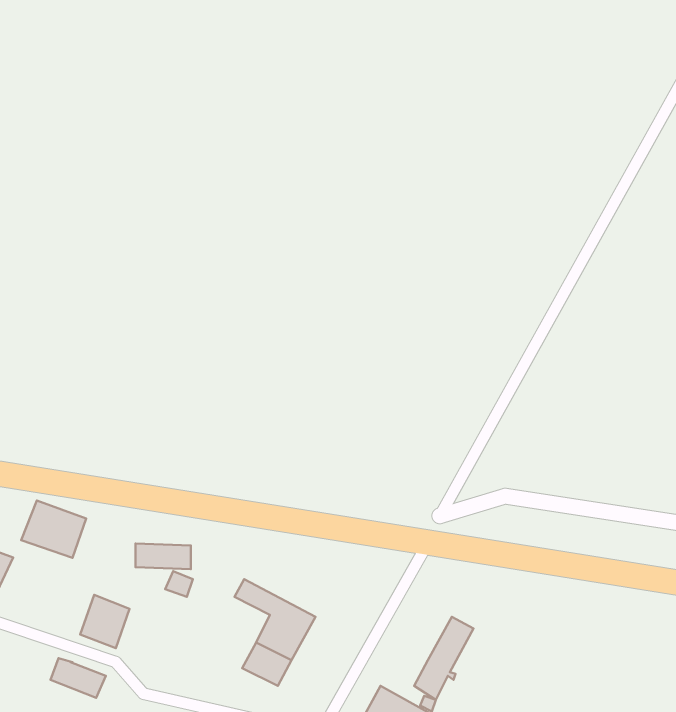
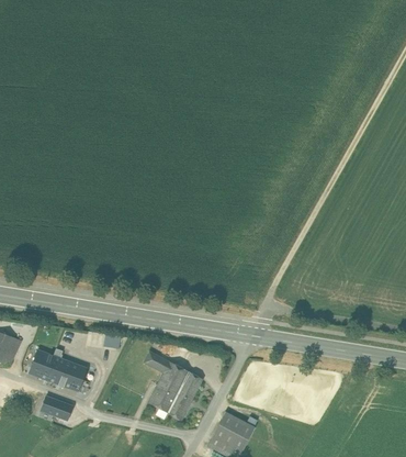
building: [21,501,86,558] -> [30,352,66,383]
building: [414,617,473,700] -> [168,374,201,420]

